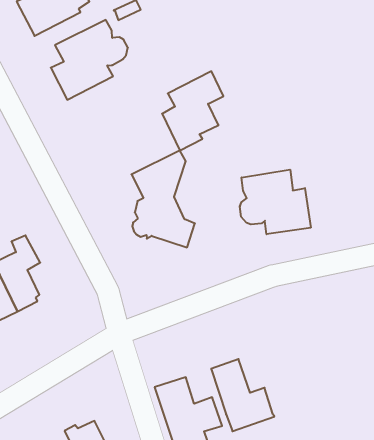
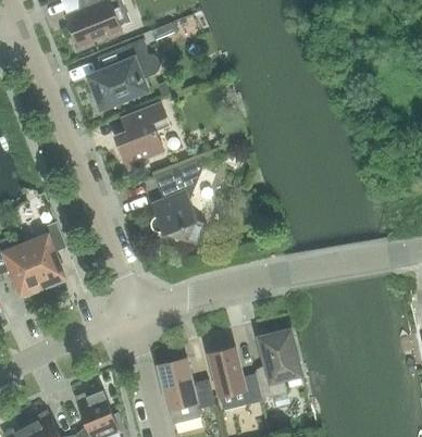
building: [162,71,223,151] -> [114,103,170,171]
building: [240,170,311,234] -> none
building: none -> [253,332,299,399]

